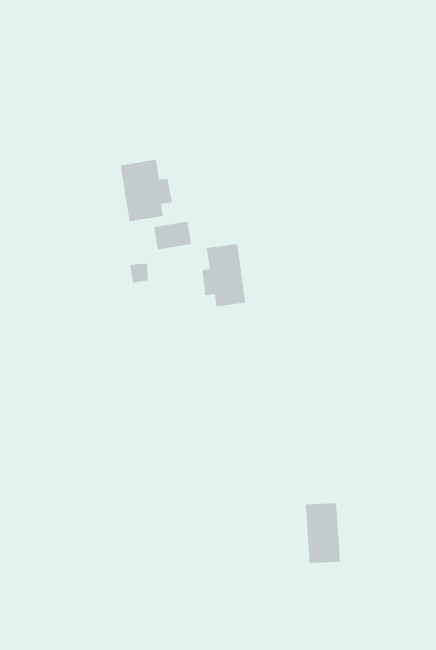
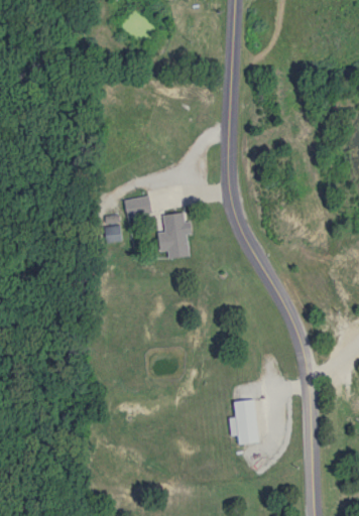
building: [120,159,173,222] -> none

